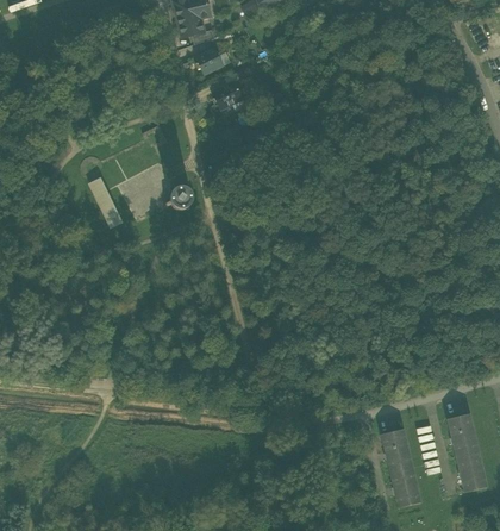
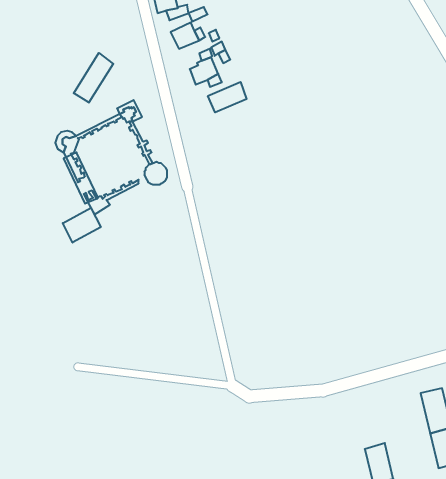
building: none -> [74,53,113,103]
building: none -> [208,82,247,112]
building: none -> [63,208,101,243]
building: [380,429,410,473] -> none

